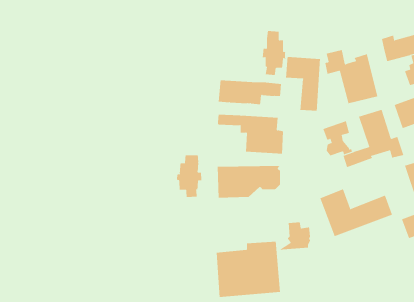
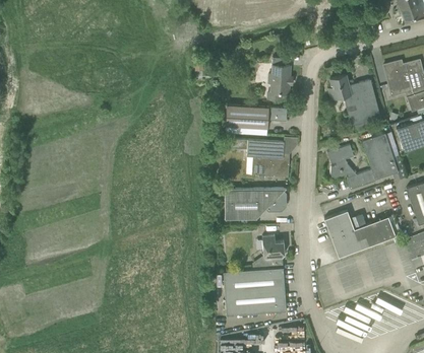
building: [285,56,321,112] -> none
building: [175,154,202,198] -> none
building: [278,222,311,250] -> [253,236,285,264]

